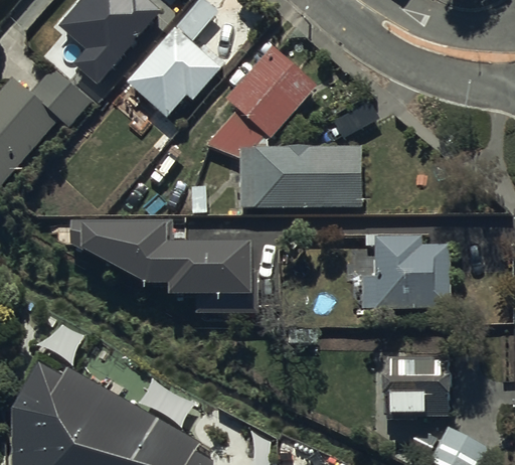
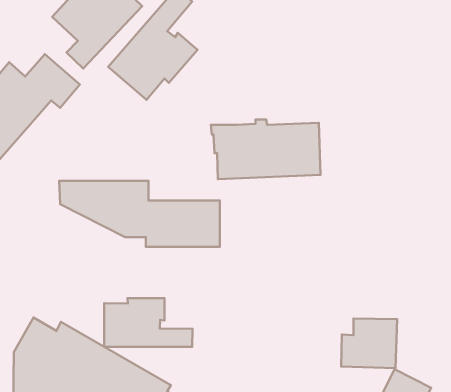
building: [209,47,315,159] -> none
building: [361,236,448,314] -> none
building: none -> [104,298,192,347]

